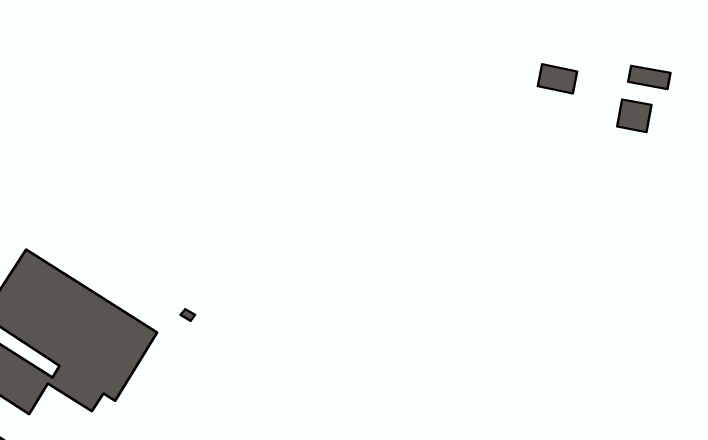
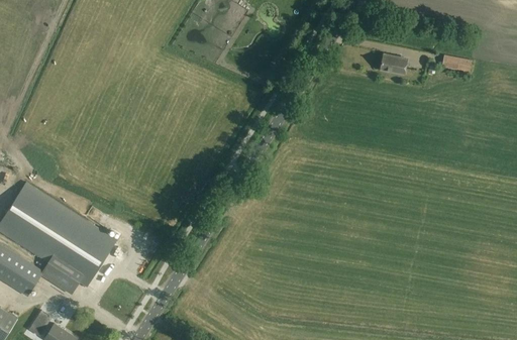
building: [617,99,652,132] -> none

